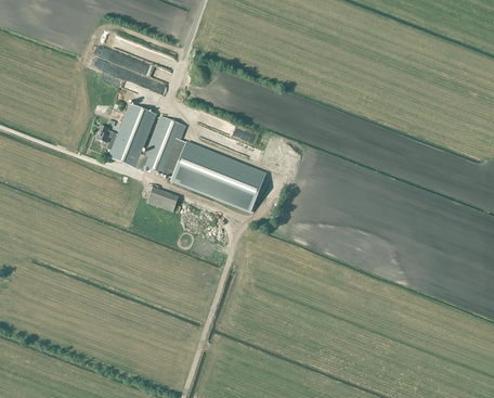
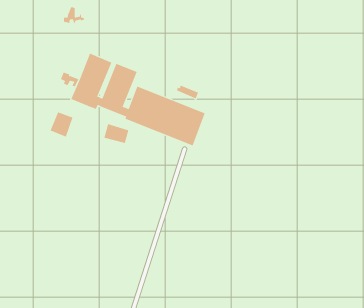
building: none -> [50,112,73,137]

